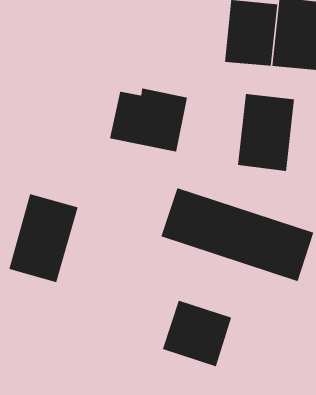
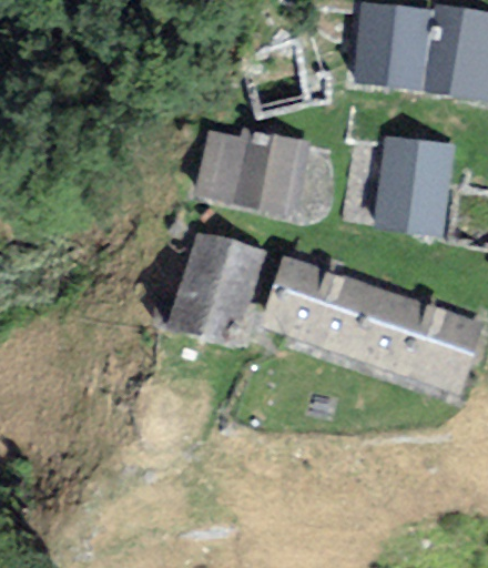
building: [9,193,79,283] -> [169,230,265,353]
building: [162,300,232,367] -> none

